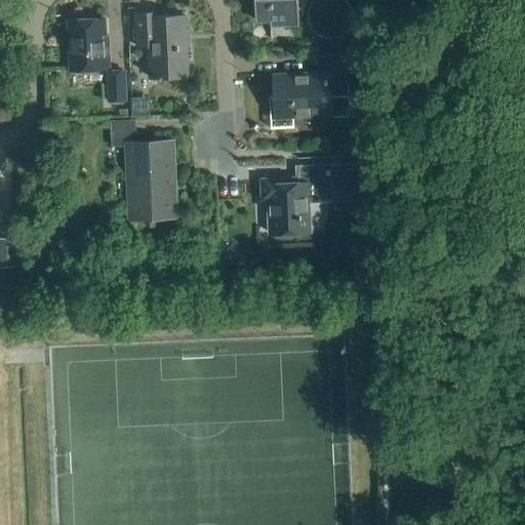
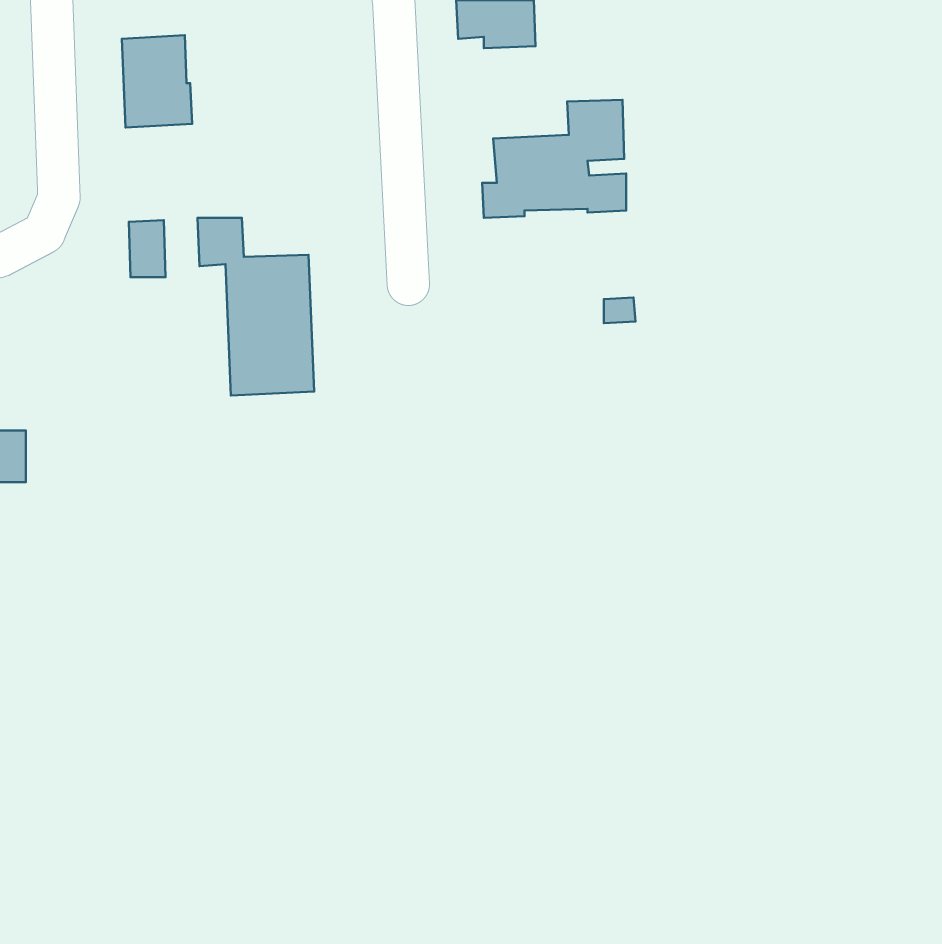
building: [134,13,187,79] -> none
building: [106,71,126,103] -> [129,220,166,277]
building: [261,165,332,234] -> none

